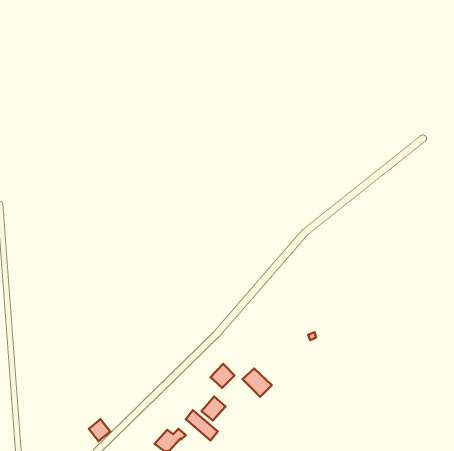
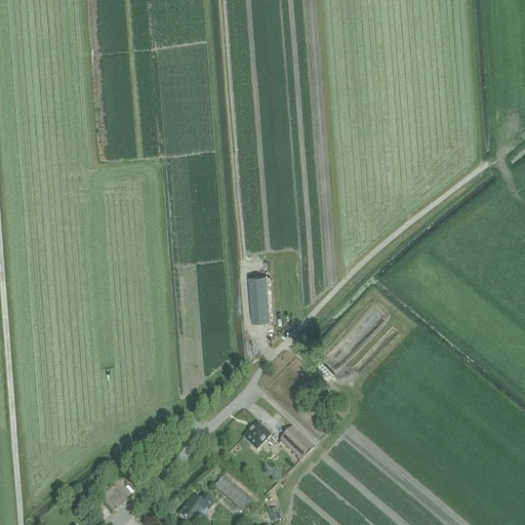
building: none -> [248,274,269,320]
building: [202,397,226,420] -> none

